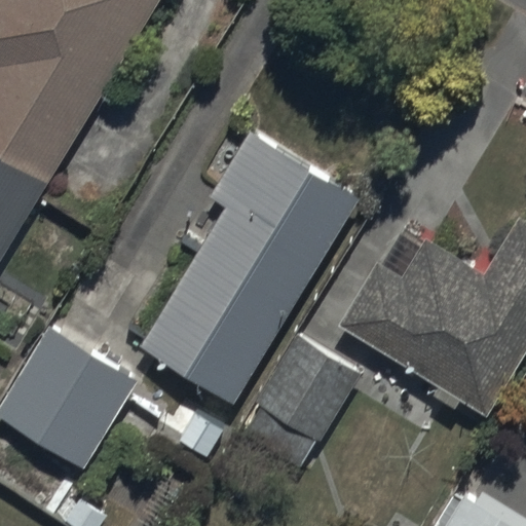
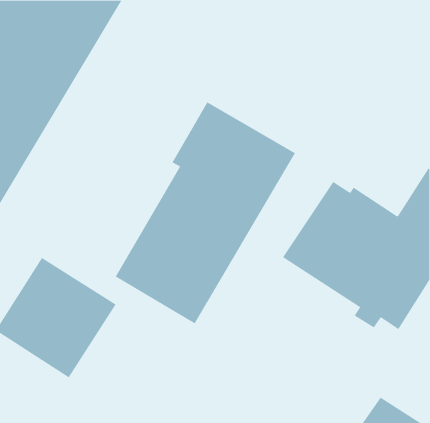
building: [243,333,362,473] -> none

